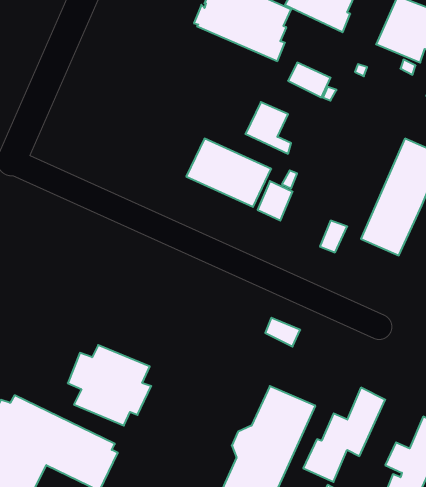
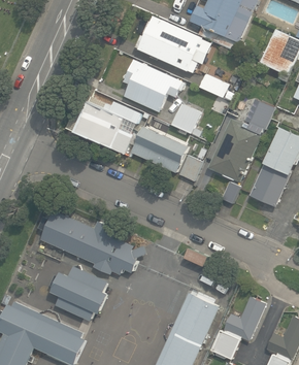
building: none -> [123,60,184,112]
building: none -> [65,96,140,154]
building: none -> [208,105,271,181]
building: none -> [37,211,145,275]

